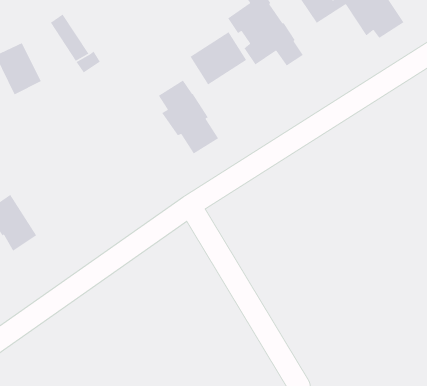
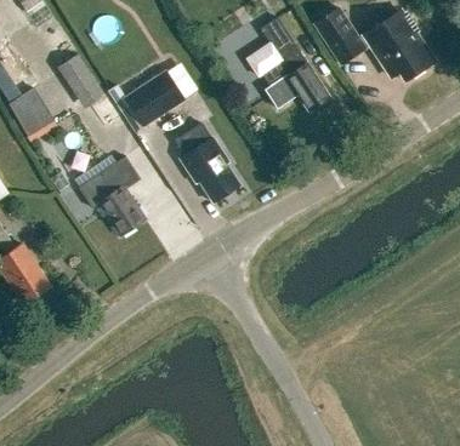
building: [189,31,247,86] -> [124,68,184,125]
building: none -> [78,156,146,235]

